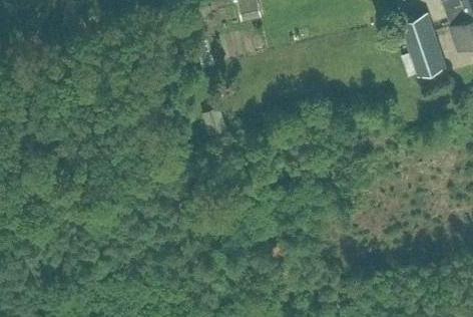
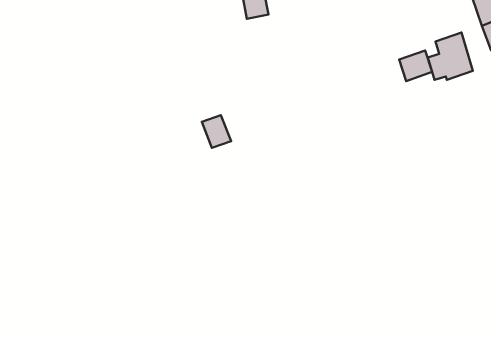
building: [405,15,434,42] -> [399,50,432,81]

